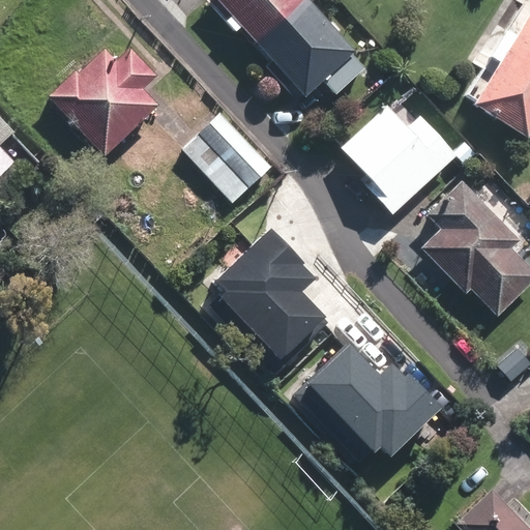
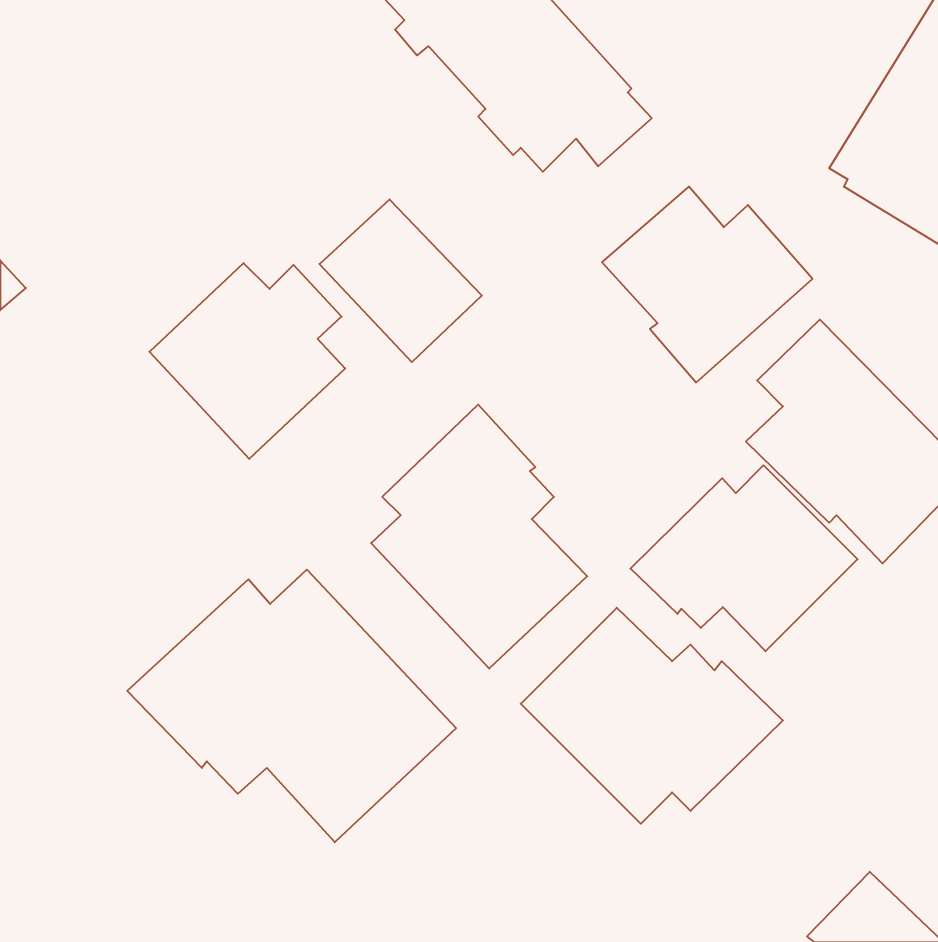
building: [51,46,160,155] -> [149,263,345,459]
building: none -> [630,465,858,651]
building: none -> [127,570,456,842]

